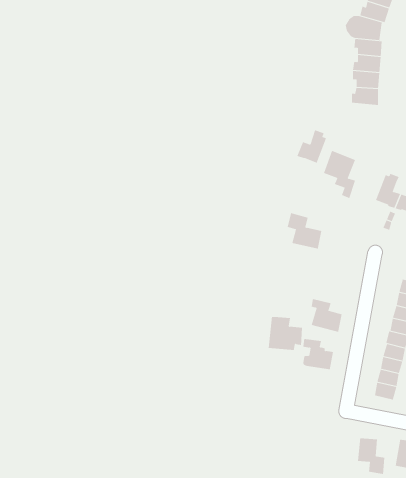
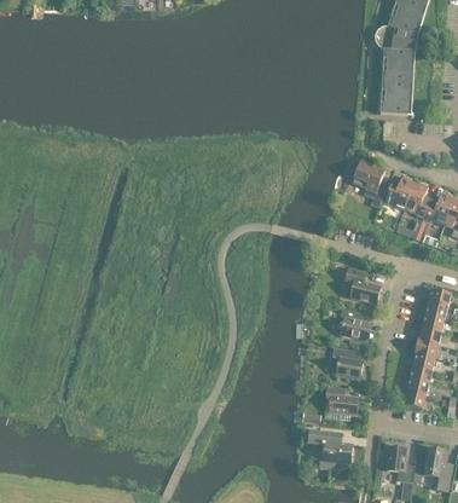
building: [296,130,327,164] -> [384,175,414,209]
building: [287,213,322,249] -> [346,267,381,303]
building: [268,316,303,350] -> [323,386,358,420]
building: none -> [308,429,353,469]

